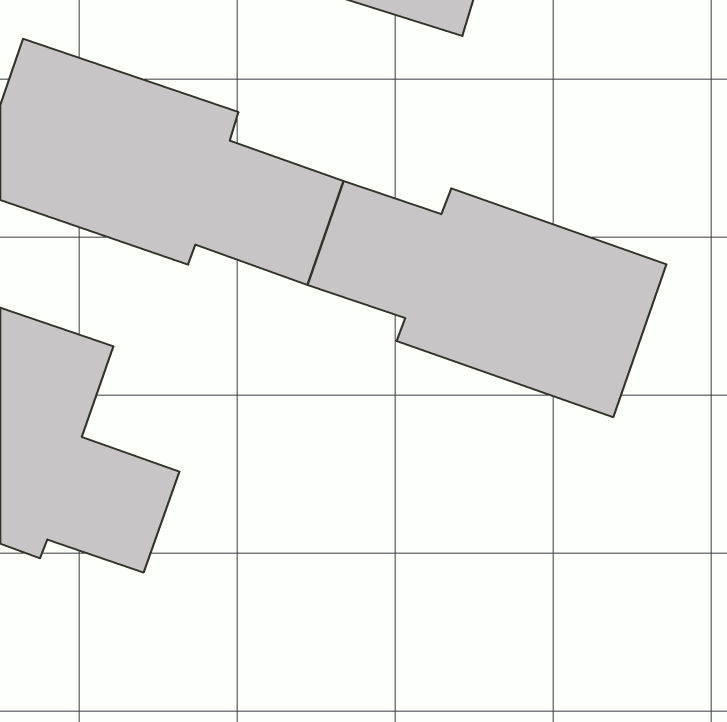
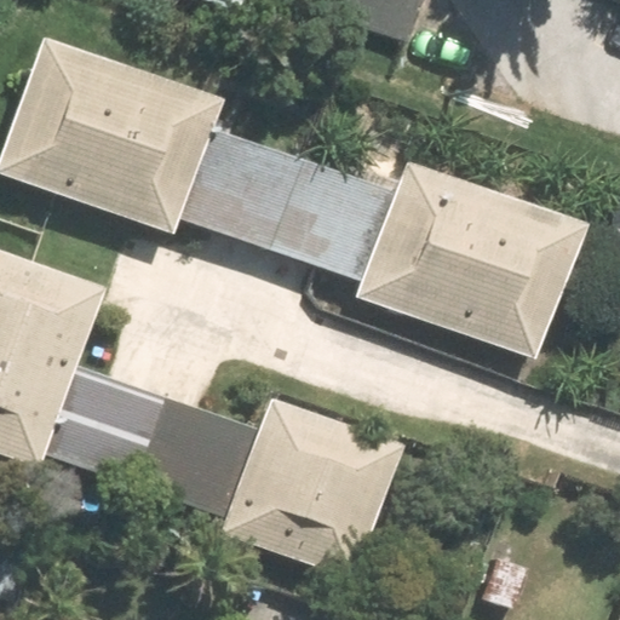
building: none -> [127,397,401,578]

